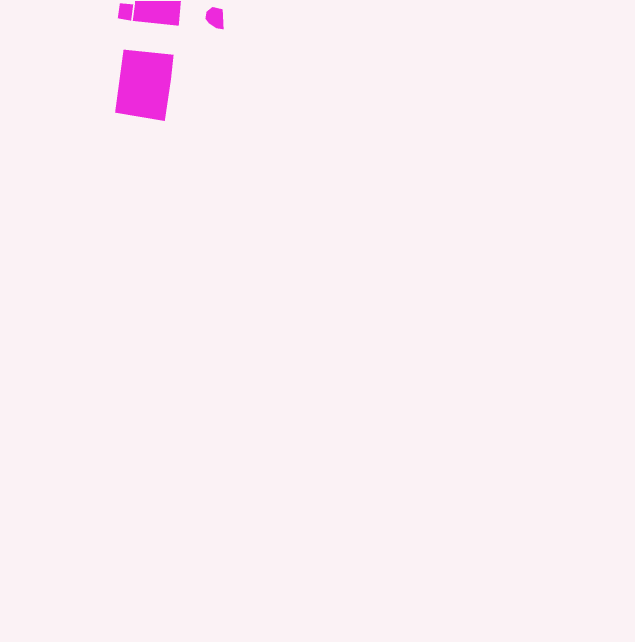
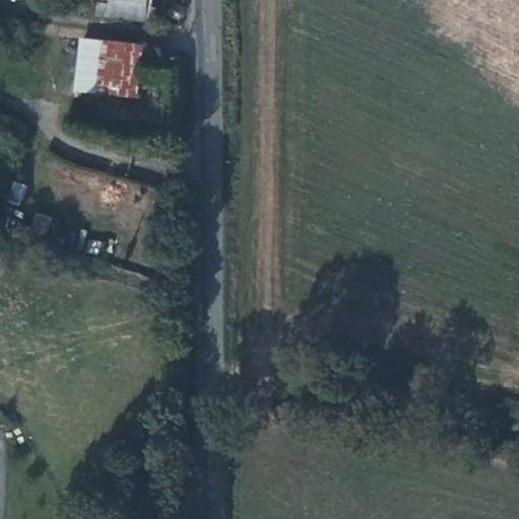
building: none -> [70,38,99,91]

